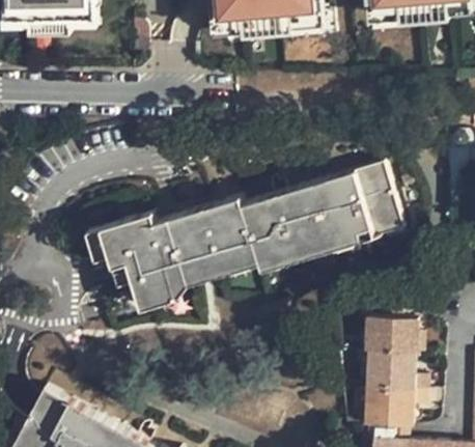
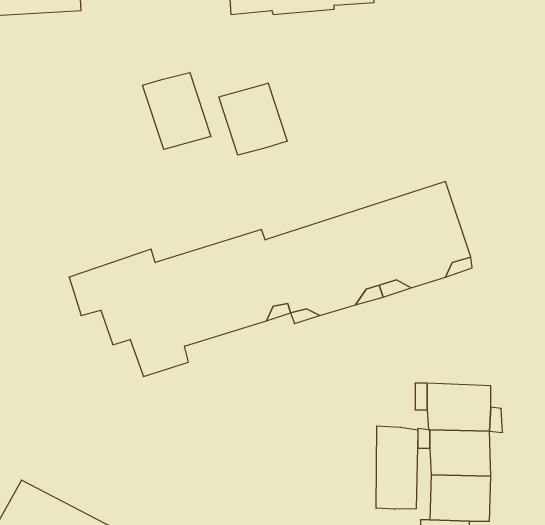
building: none -> [143,72,211,149]
building: none -> [219,83,287,155]
building: none -> [376,426,418,509]

